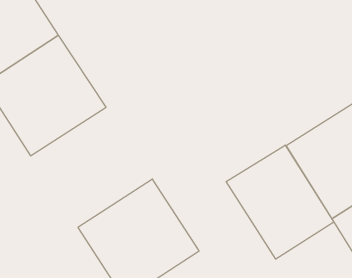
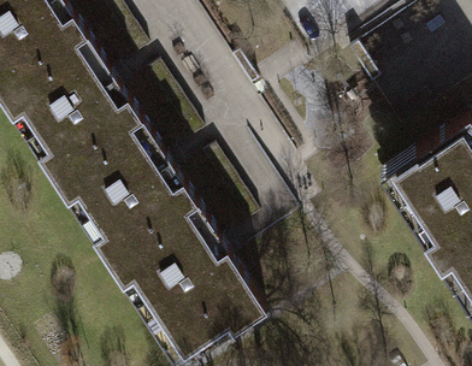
building: none -> [59,135,211,284]
building: [226,145,334,259] -> none

